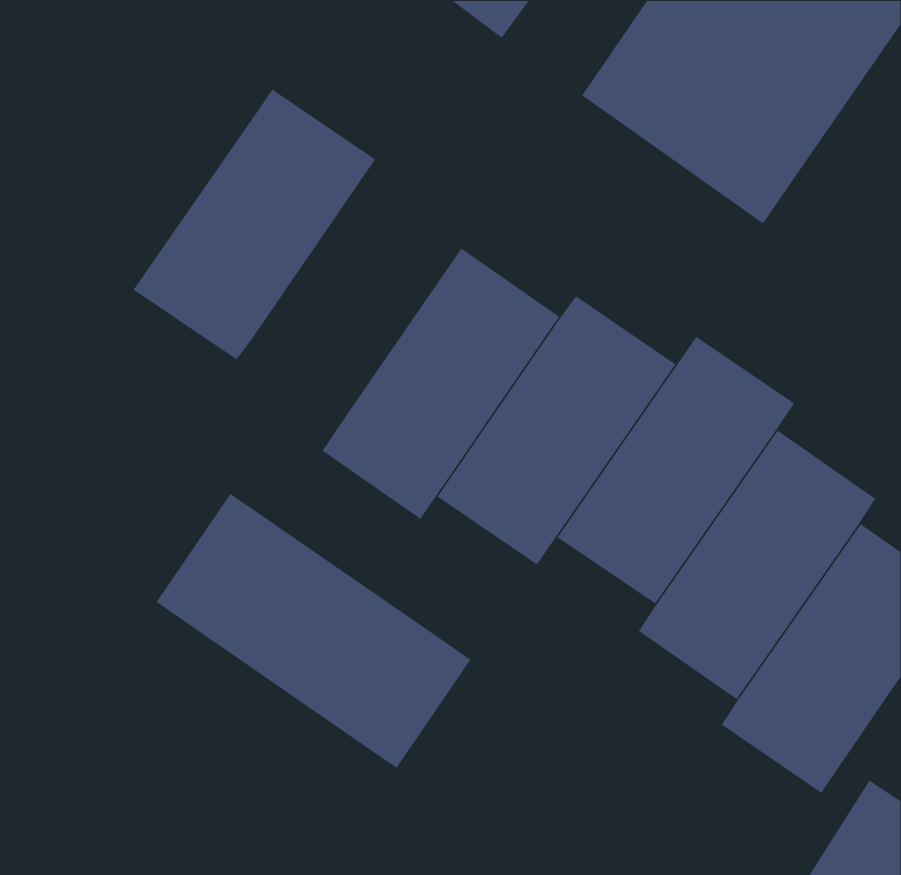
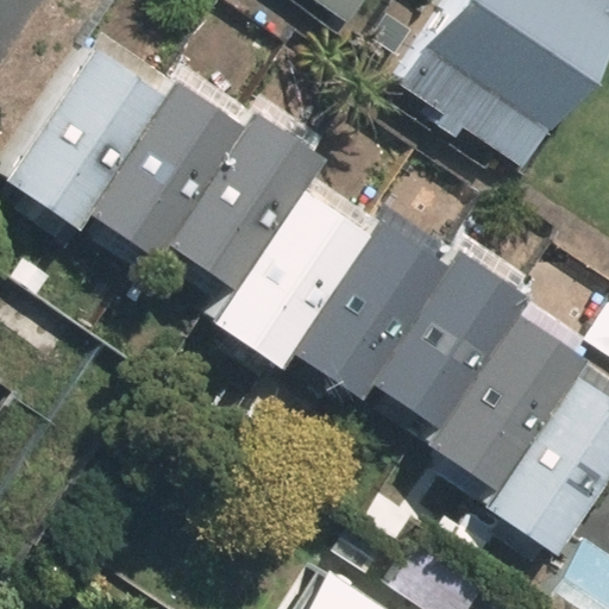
building: none -> [8,45,174,230]
building: none -> [170,111,331,293]
building: [156,493,471,769] -> none

